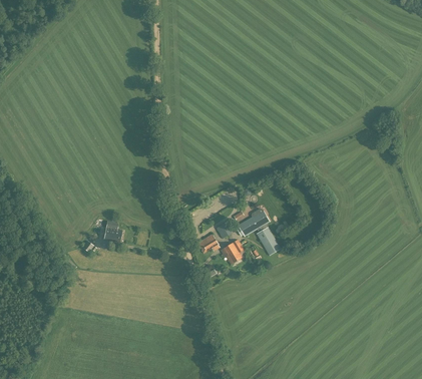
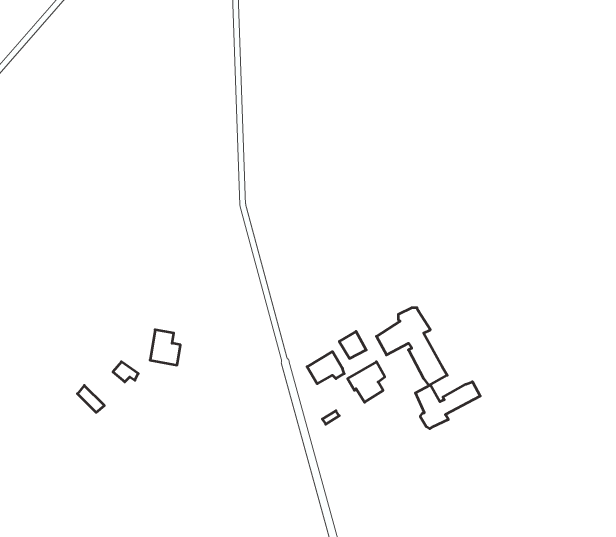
building: none -> [415,382,480,429]

